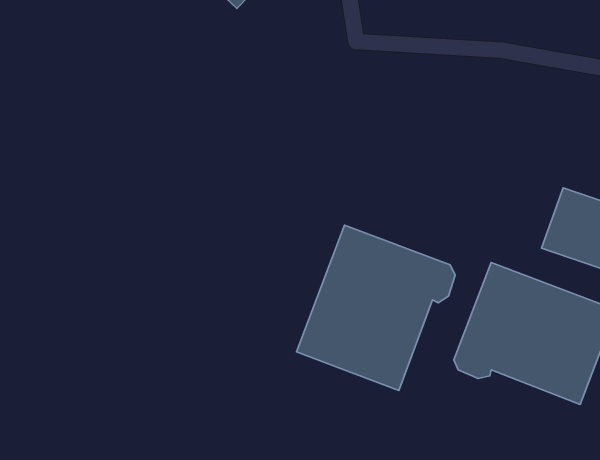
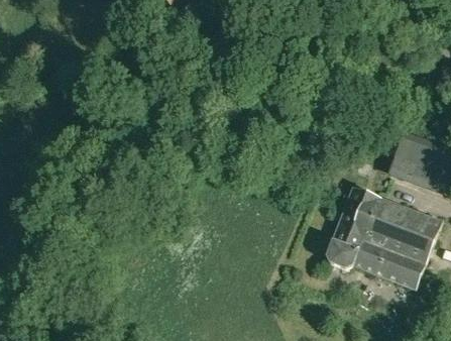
building: [296,225,455,390] -> none

